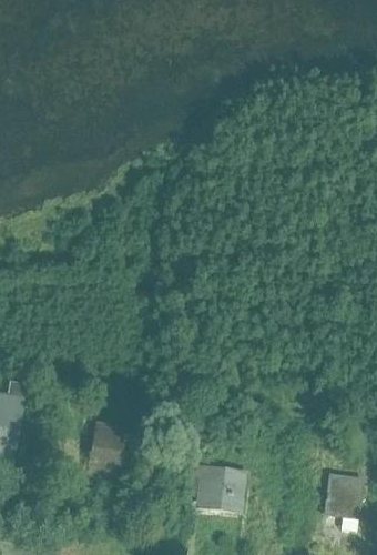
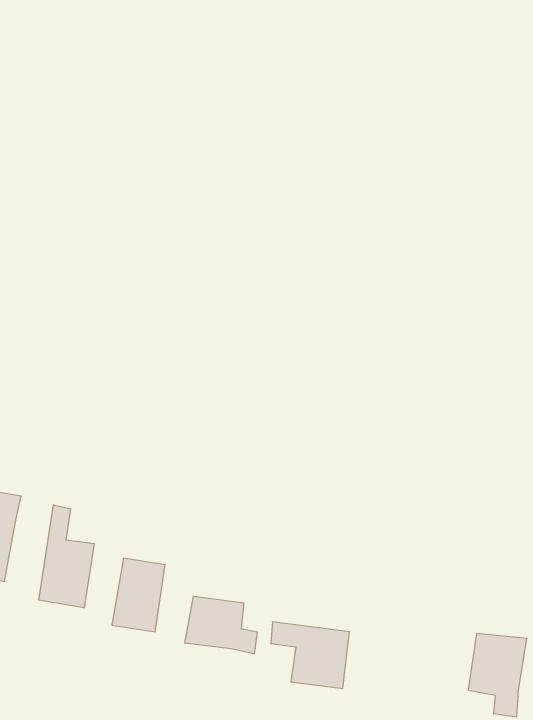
building: none -> [39,505,94,608]
building: none -> [185,596,257,654]

